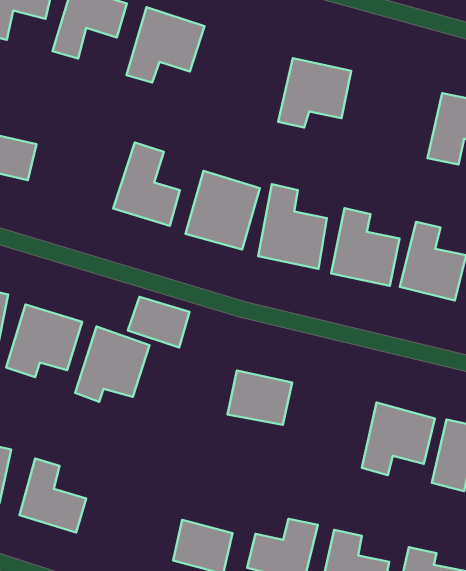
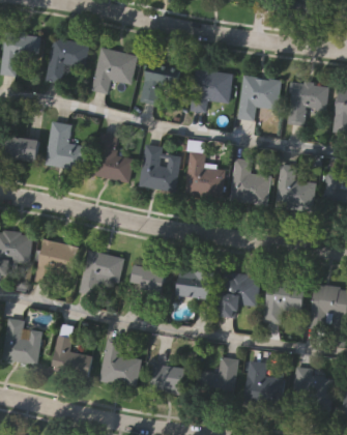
building: none -> [140,63,181,105]
building: none -> [237,76,282,120]
building: none -> [46,120,89,171]
building: [128,297,189,347] -> [129,265,167,294]
building: none -> [219,272,261,317]
building: none -> [99,339,142,387]

